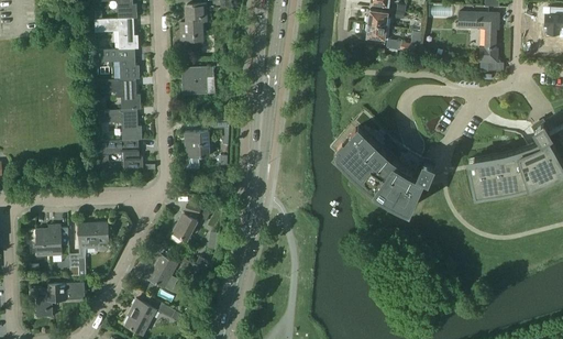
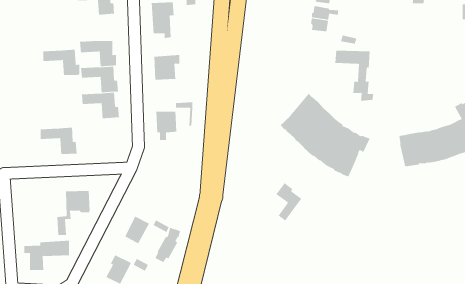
building: [457,12,504,72] -> [335,50,374,101]
building: [95,19,139,50] -> [42,49,80,76]
building: [100,140,144,172] -> [40,127,77,155]
building: [170,204,201,245] -> [155,227,181,263]
building: none -> [276,182,302,222]
building: [37,227,63,256] -> none

